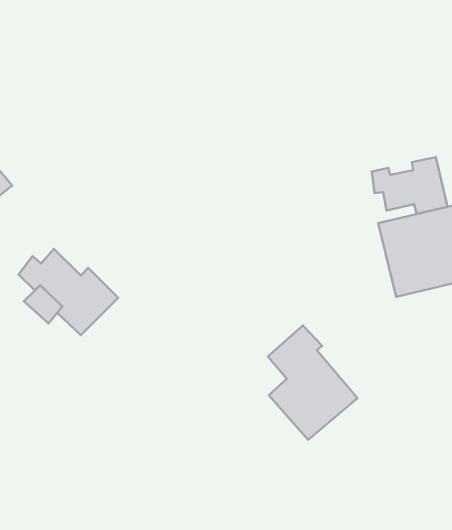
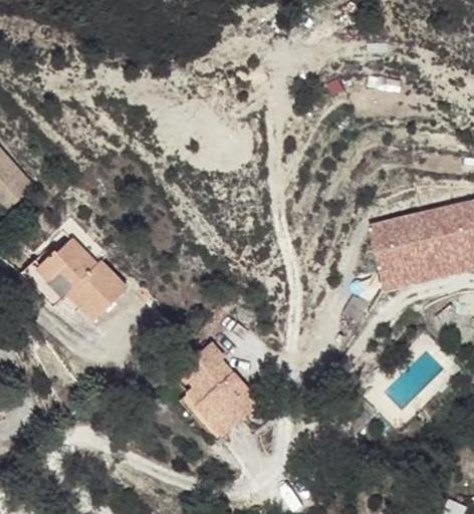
building: [372,157,448,214] -> none
building: [268,325,358,440] -> [176,341,260,449]

